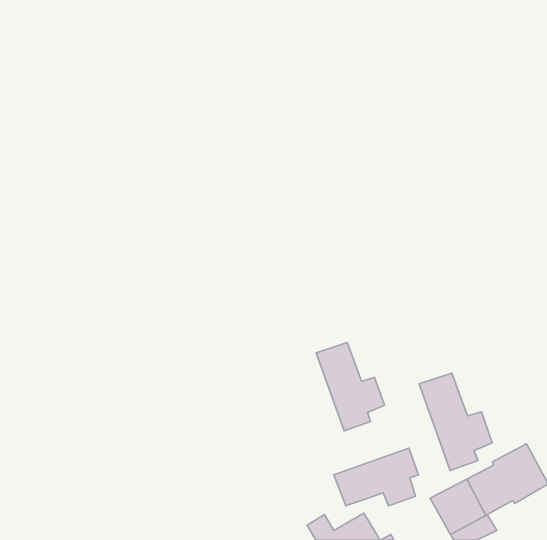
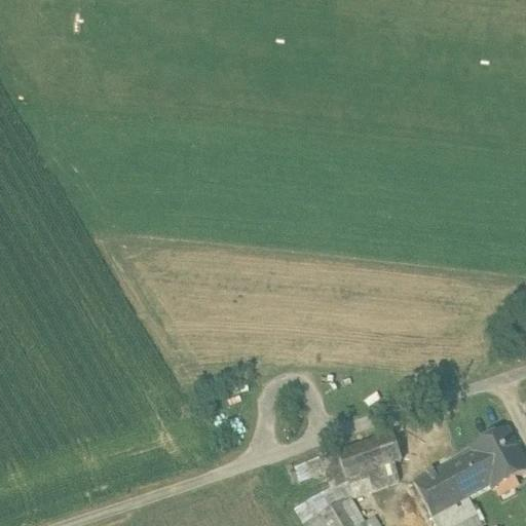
building: [316,343,384,431] -> none
building: [419,373,492,470] -> none

